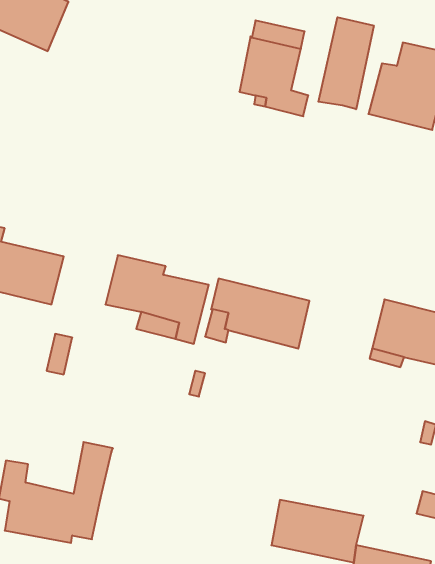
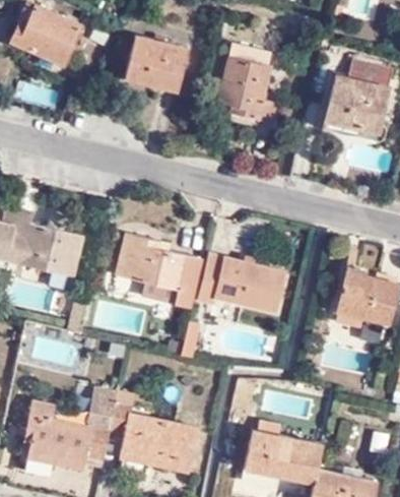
building: none -> [130,32,193,87]
building: [318,17,374,109] -> none
building: none -> [108,396,195,474]

